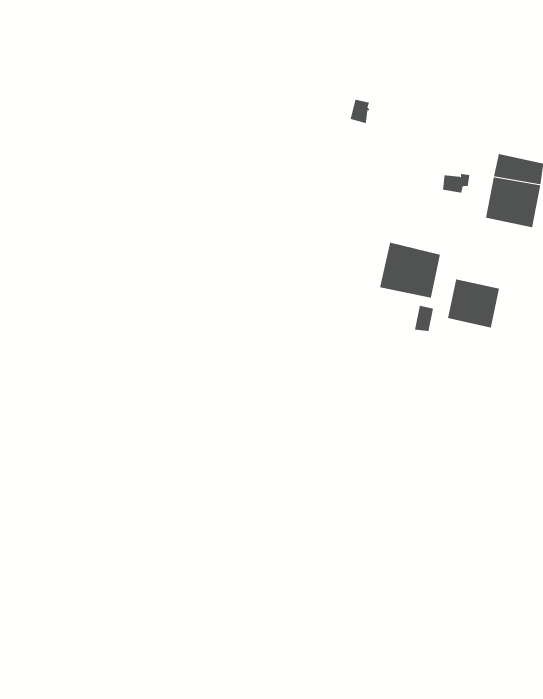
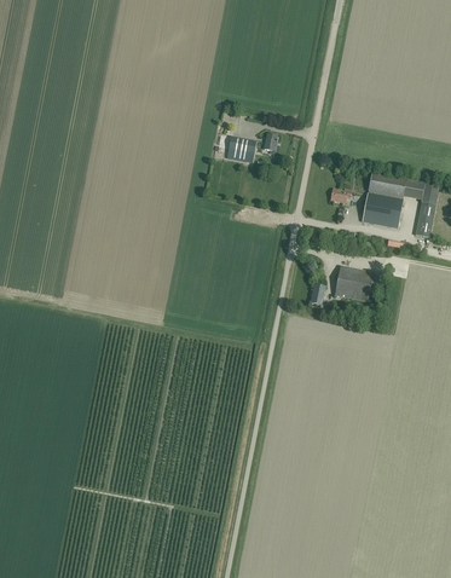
building: none -> [215,134,255,163]
building: [380,242,441,299] -> none

